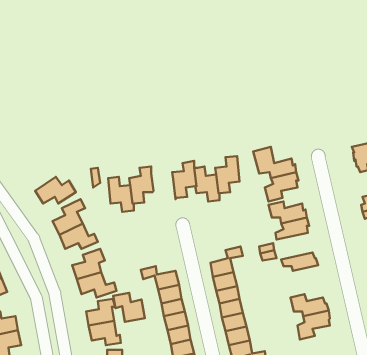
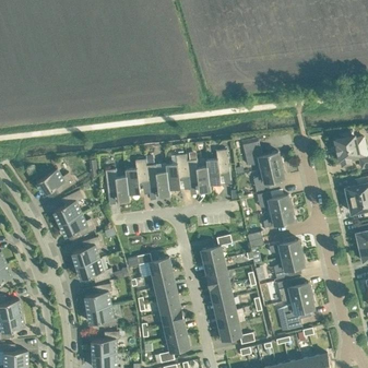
building: none -> [145,165,169,198]
building: none -> [273,252,304,280]
building: [113,293,145,322] -> none

